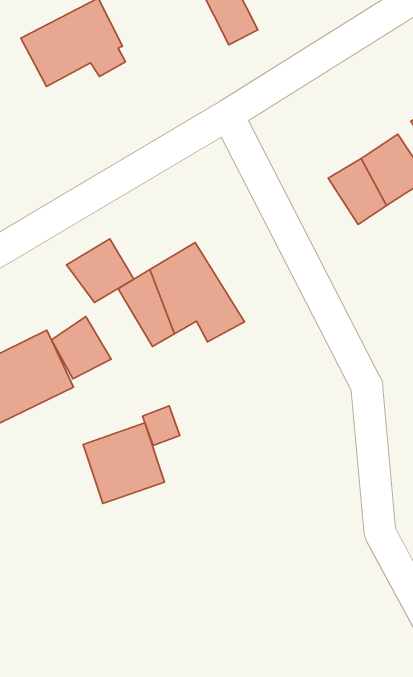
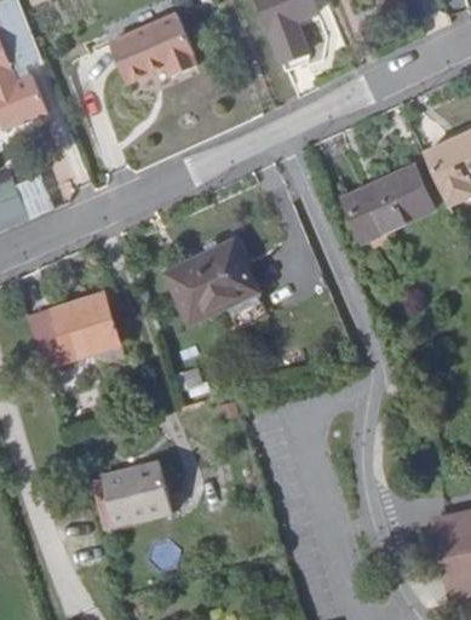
building: [67,239,134,302] -> none
building: [51,316,111,379] -> none
building: [83,423,165,504] -> [107,465,171,528]

